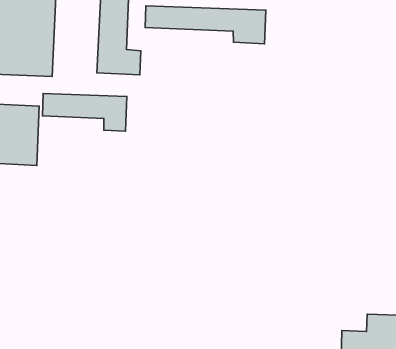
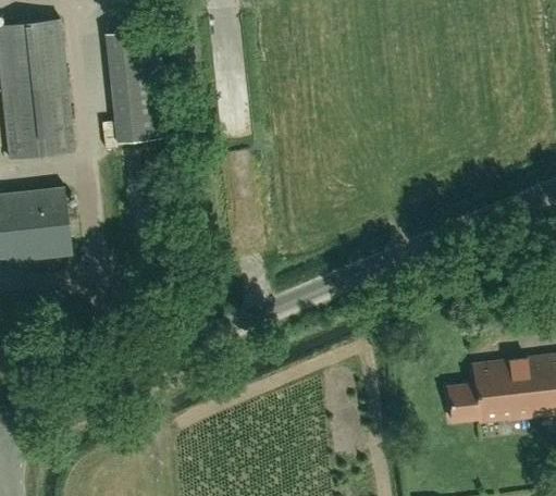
building: [145,6,266,44] -> none
building: [43,93,127,131] -> none

